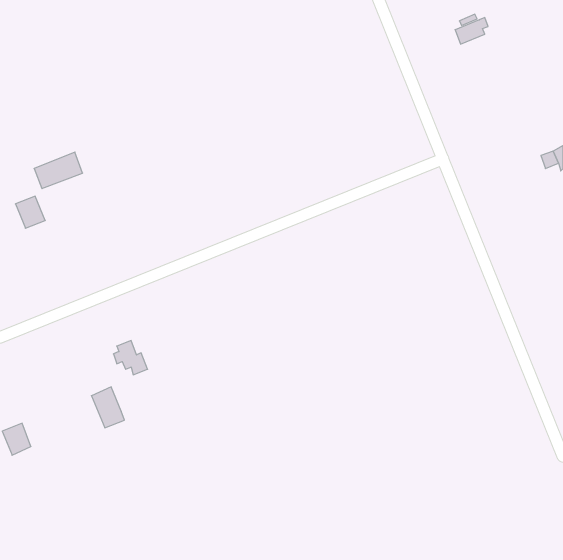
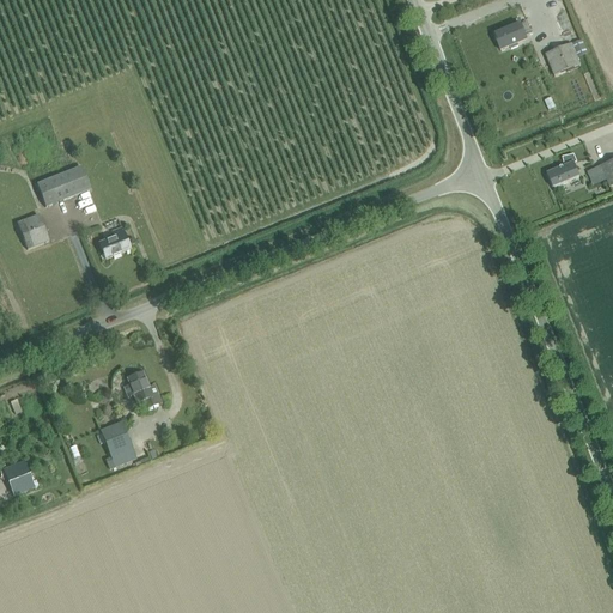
building: none -> [546,42,581,74]
building: none -> [547,152,579,186]
building: none -> [99,226,131,257]

